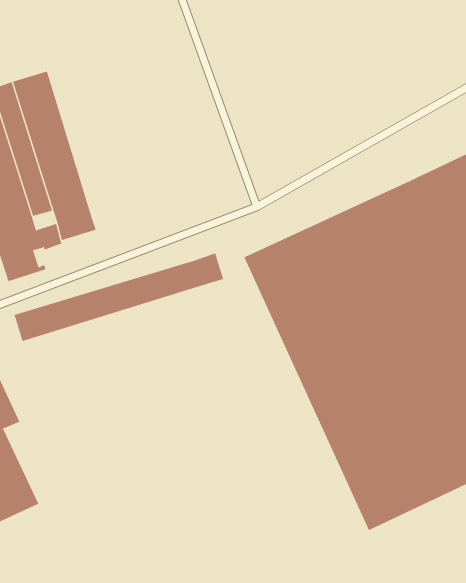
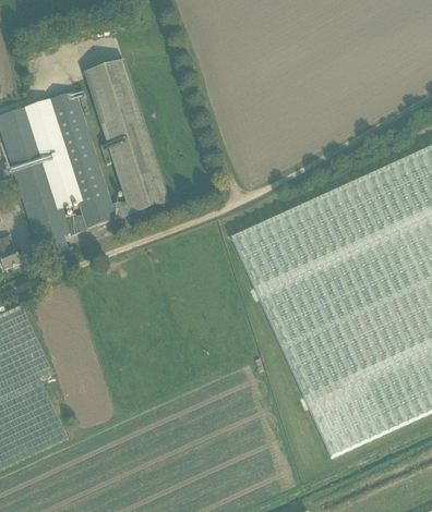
building: none -> [84,58,167,217]
building: [14,252,224,342] -> none

